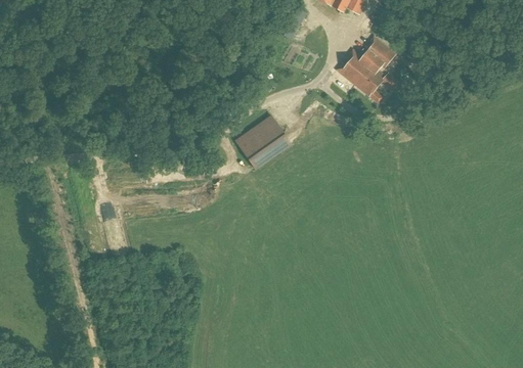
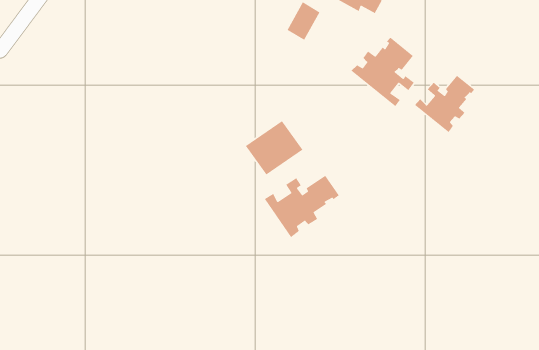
building: none -> [414,75,475,133]
building: none -> [264,175,340,238]

